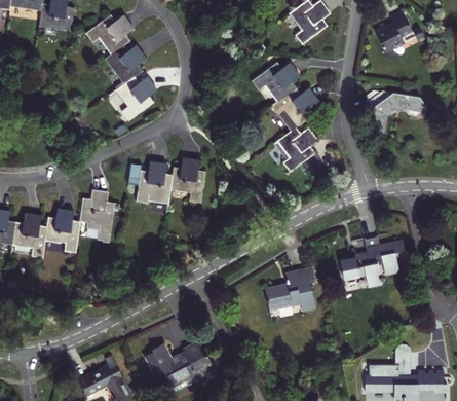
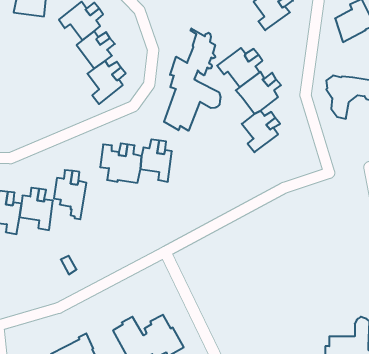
building: none -> [164,28,220,131]
building: [345,236,406,287] -> none
building: [264,266,314,311] -> none

